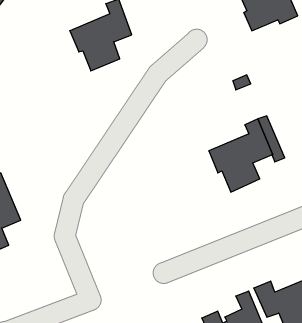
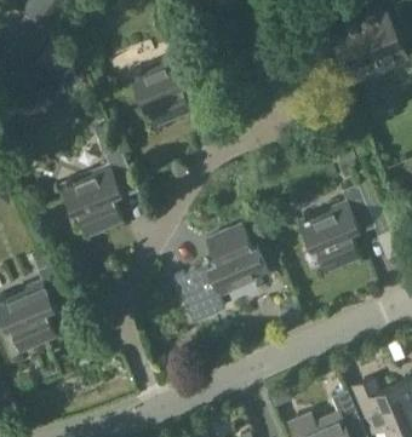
building: none -> [57,126,135,237]
building: none -> [170,228,264,324]

